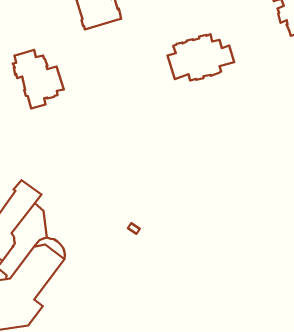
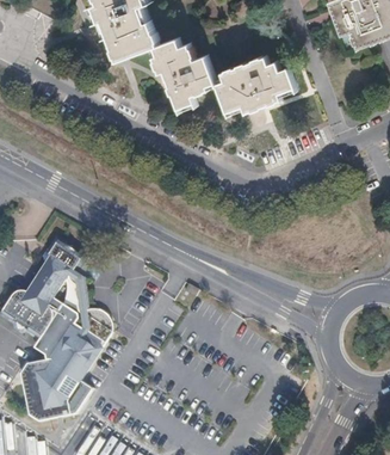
building: [13,50,64,108] -> [153,36,215,105]

